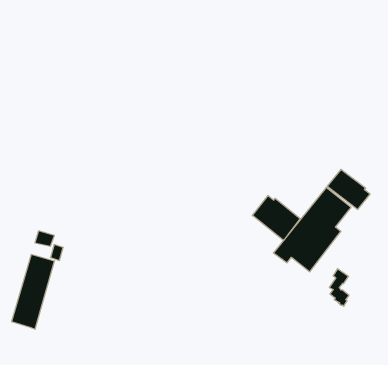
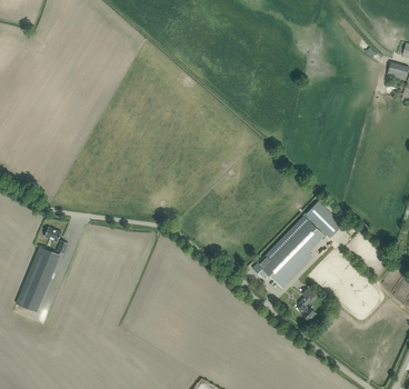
building: [252,196,300,241] -> none

